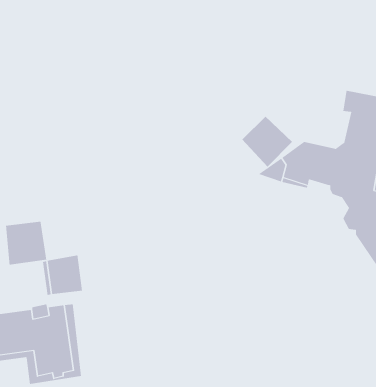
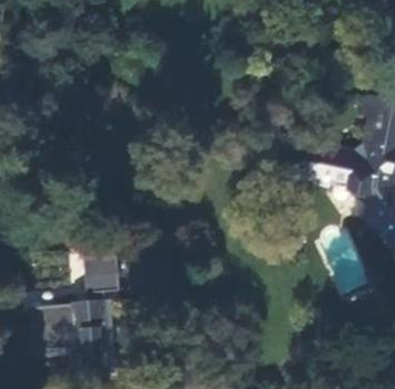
building: [241,116,293,168] -> none
building: [6,221,47,265] -> none

